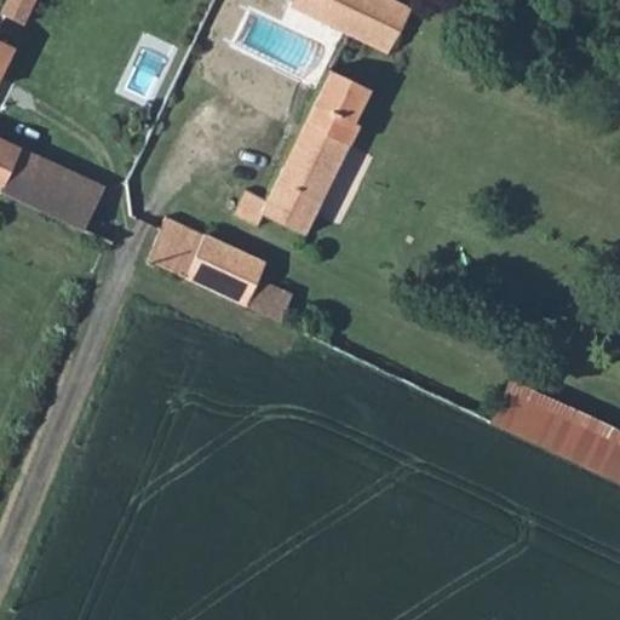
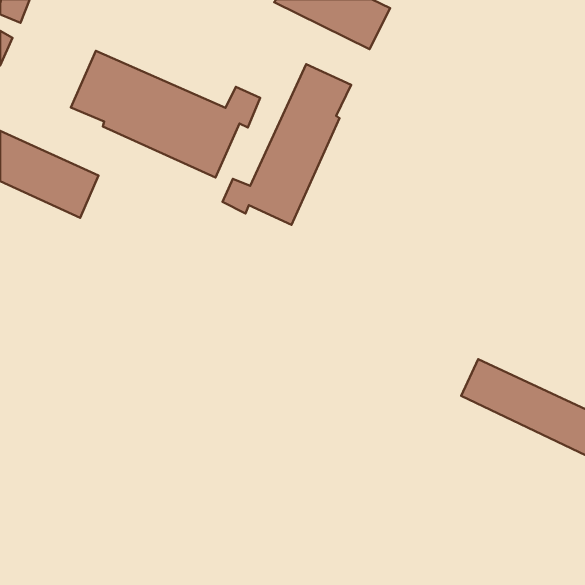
building: none -> [71,51,260,177]
building: [145,216,289,320] -> none

